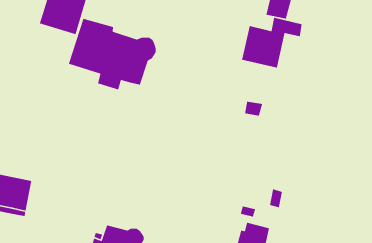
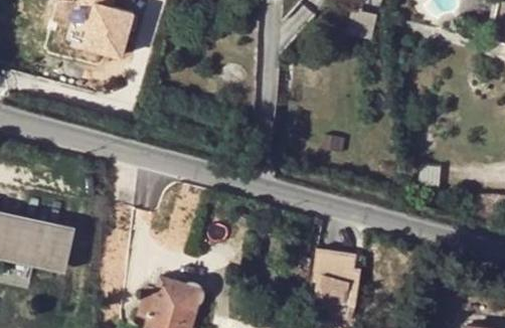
building: [241,17,303,68] -> none
building: [68,18,157,90] -> none

